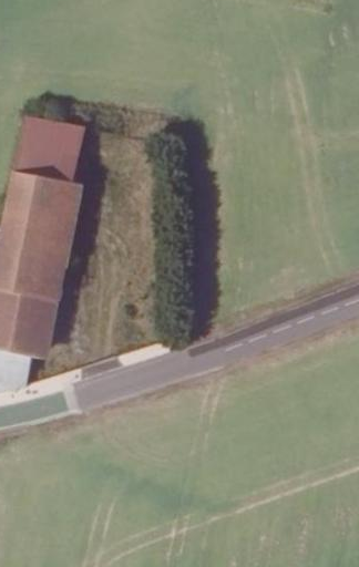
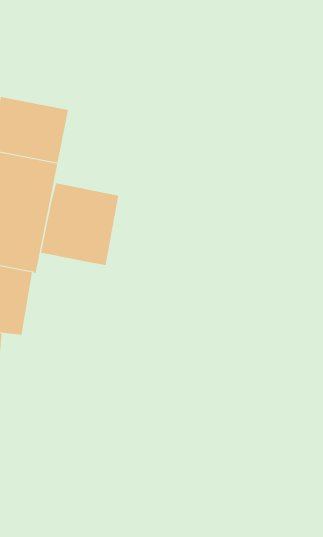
building: none -> [40,183,119,266]

